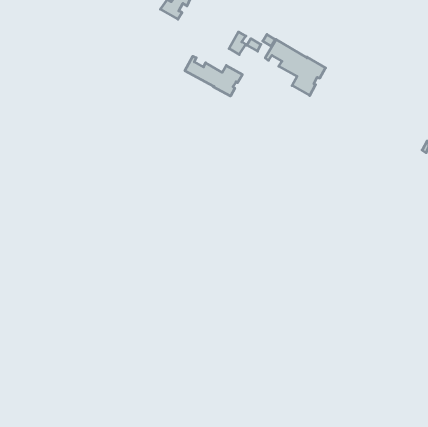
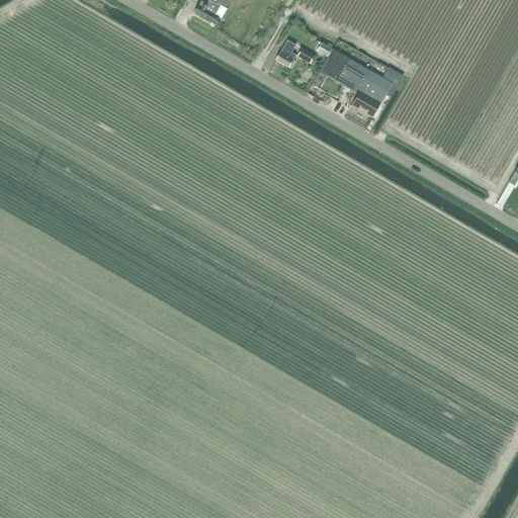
building: [185,56,242,96] -> none

